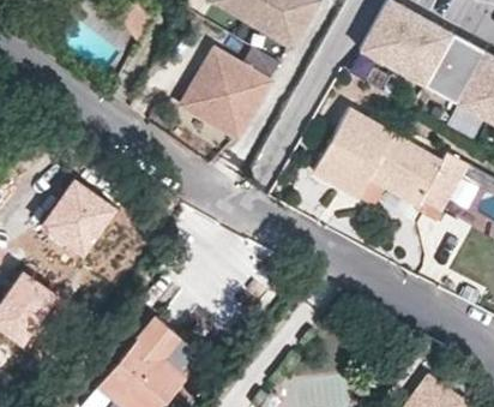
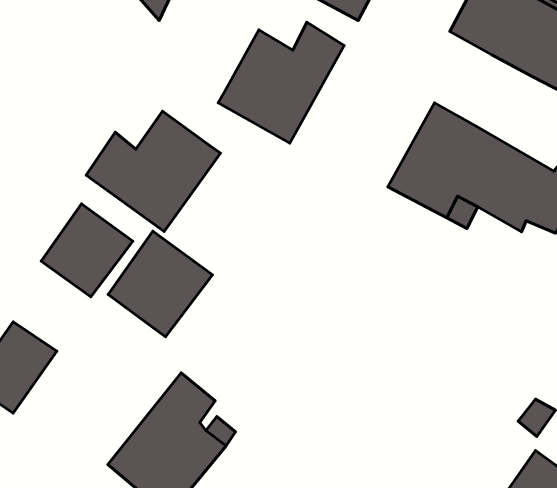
building: none -> [86,111,220,232]
building: none -> [108,231,213,337]

